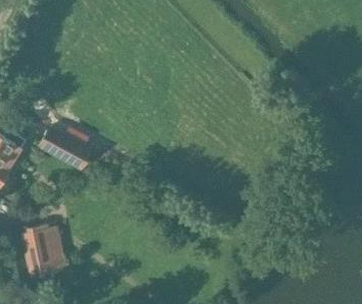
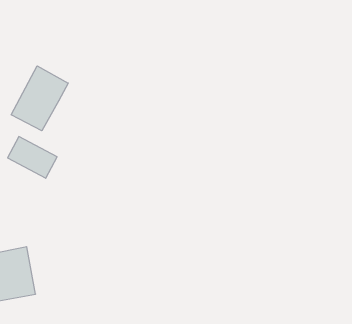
building: none -> [11,66,68,131]

